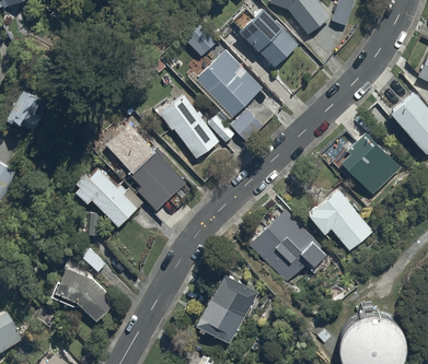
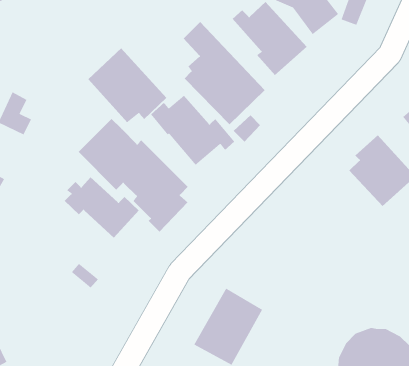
building: none -> [87,47,167,123]
building: [309,187,377,253] -> none
building: [246,208,329,285] -> none
building: [50,259,118,324] -> none

